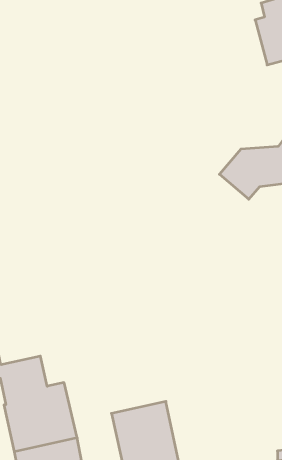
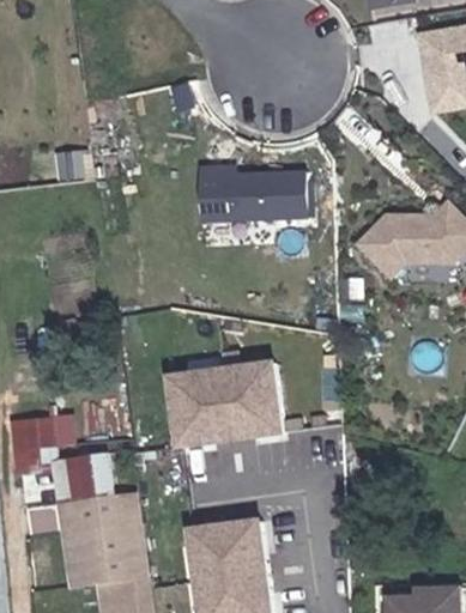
building: none -> [196,170,305,223]
building: none -> [171,365,283,447]

